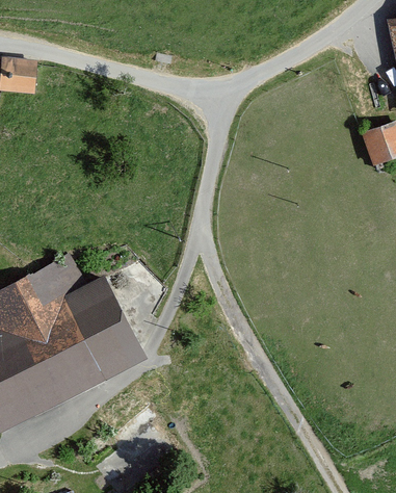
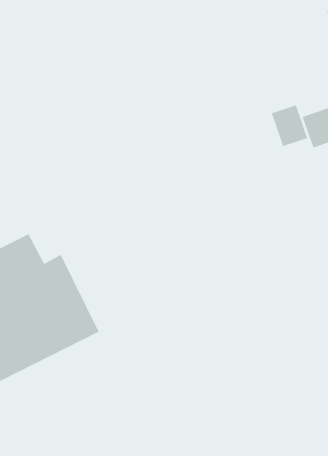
building: none -> [271,104,308,147]

